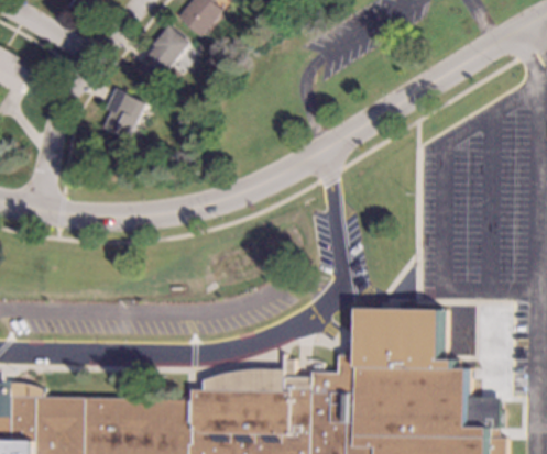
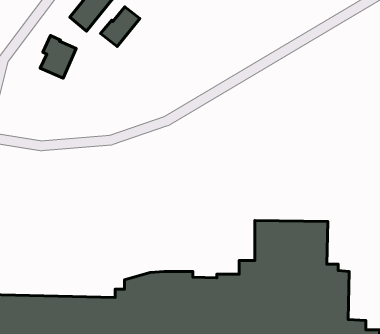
building: none -> [100,7,140,47]

